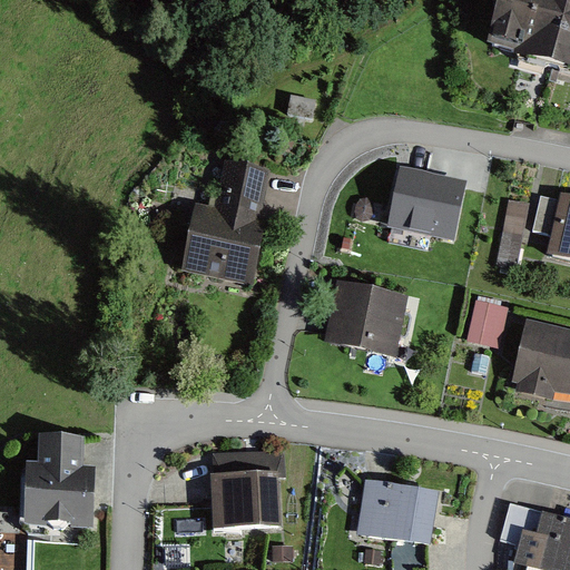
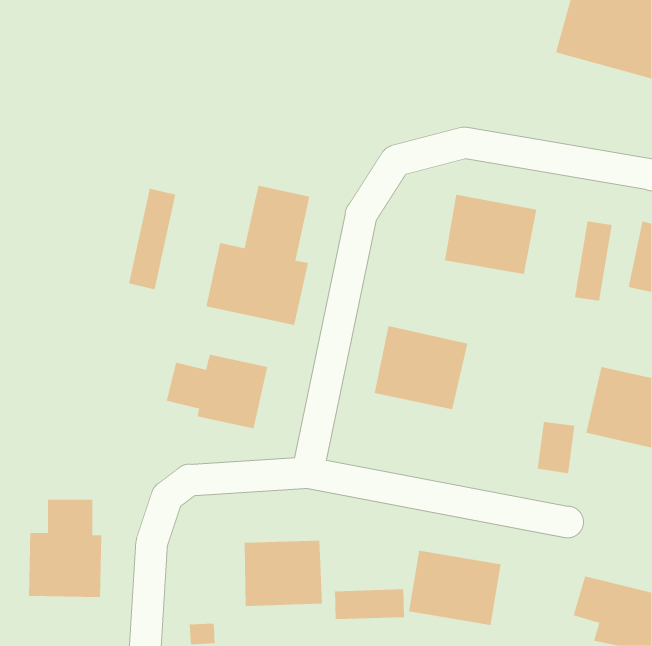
building: none -> [129,188,176,290]
building: [472,295,505,341] -> [537,422,575,474]
building: none -> [166,354,268,429]
building: none -> [335,589,404,620]

